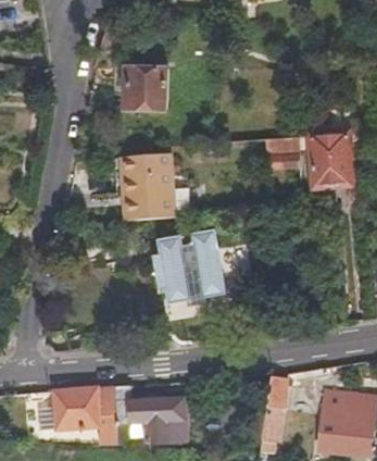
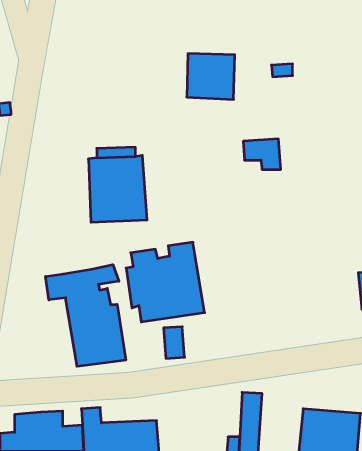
building: [126,66,171,109] -> [187,54,235,99]
building: [309,132,352,189] -> none
building: none -> [46,265,126,366]

